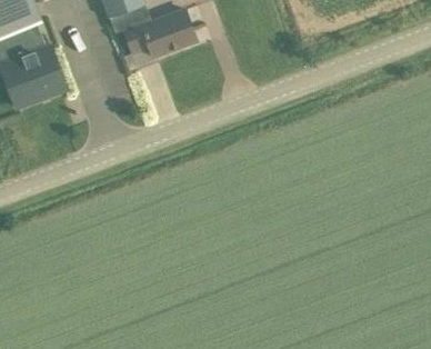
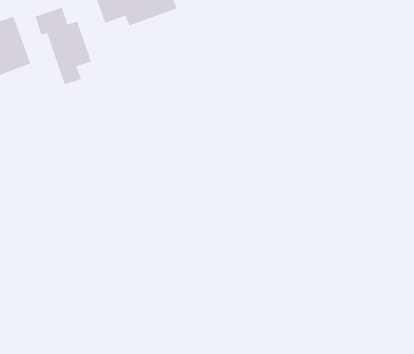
building: none -> [35,7,92,85]

